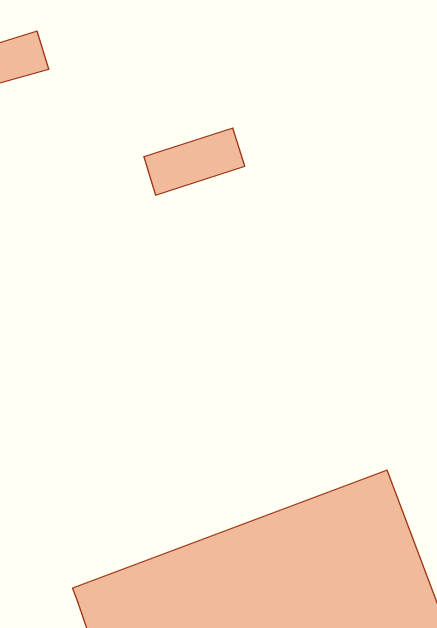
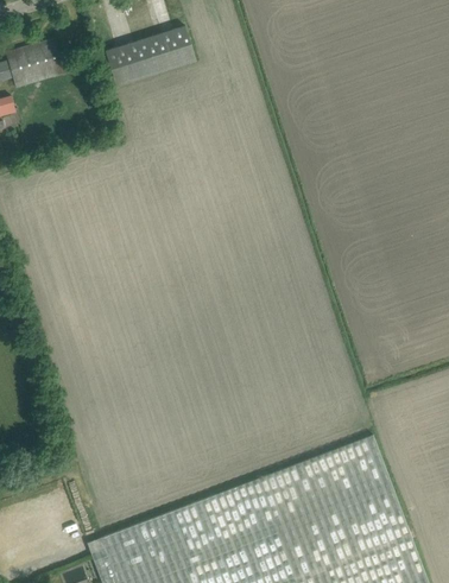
building: [144,128,245,195] -> [103,26,195,87]

